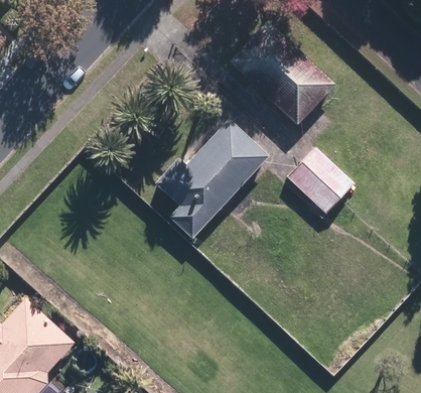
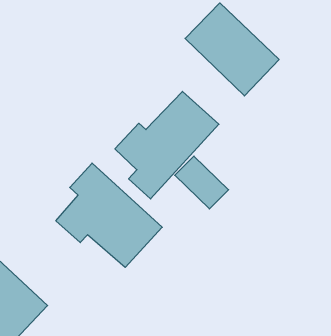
building: [288,153,347,212] -> [175,156,229,209]
building: none -> [56,163,162,267]

